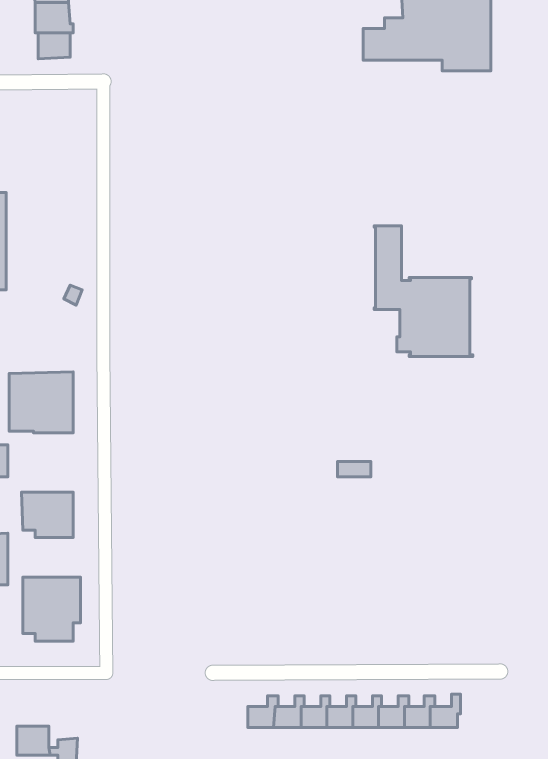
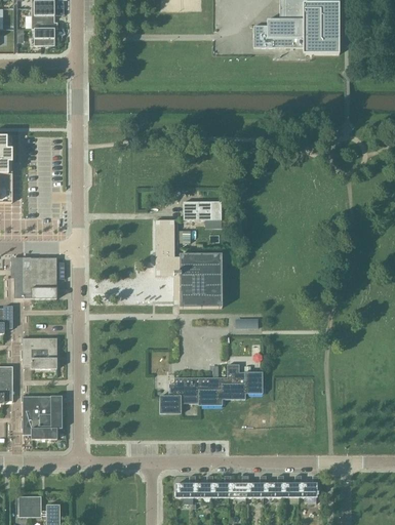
building: [374,226,473,356] -> [155,218,222,307]
building: none -> [183,200,221,219]
building: none -> [159,363,262,412]

